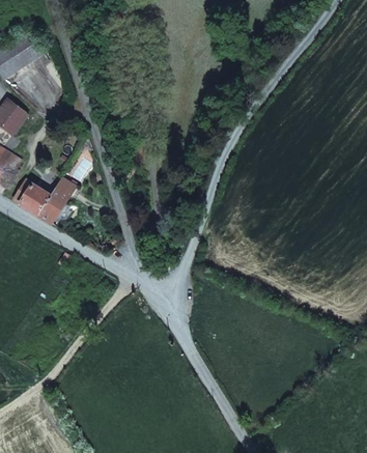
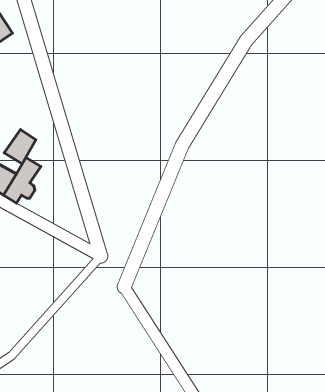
building: none -> [4,129,36,164]

